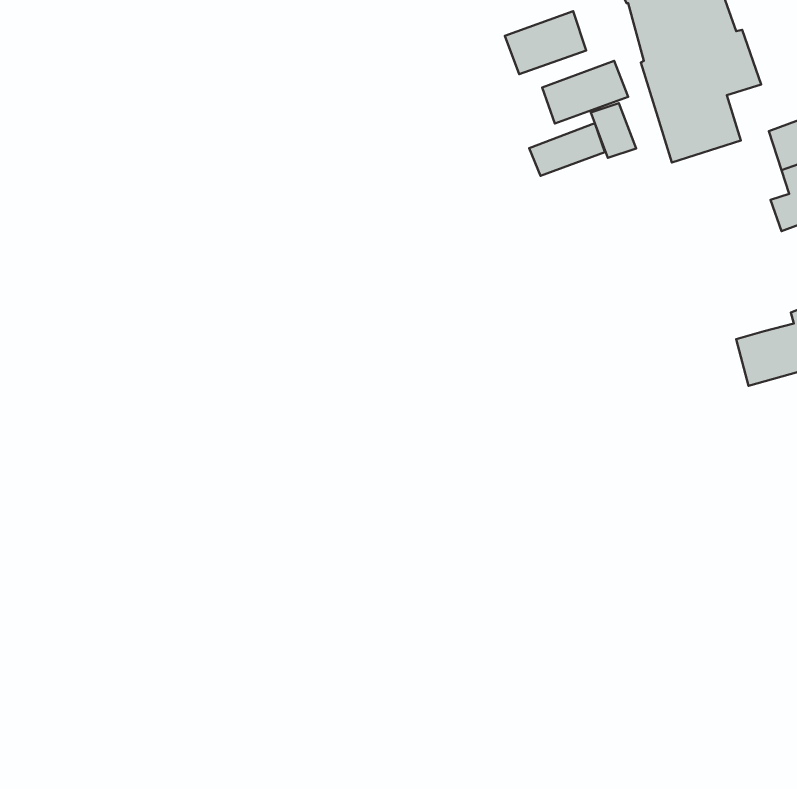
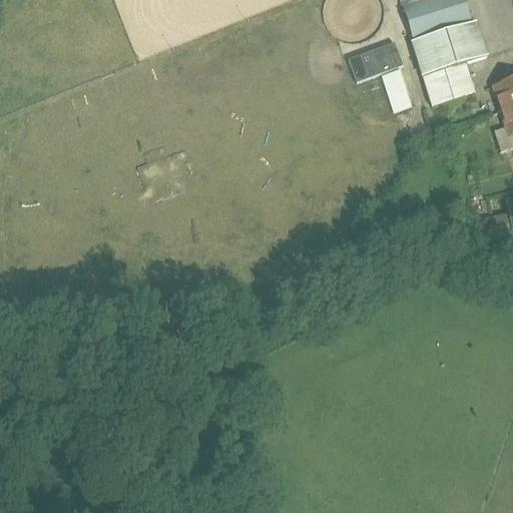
building: [505,11,586,74] -> none
building: [529,123,605,176] -> none

